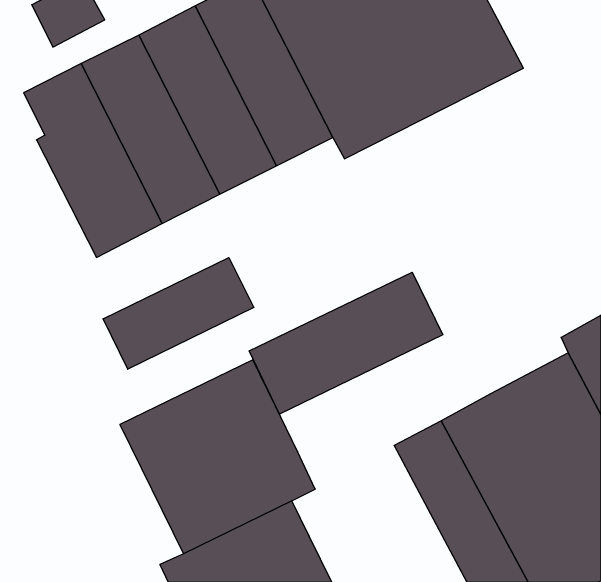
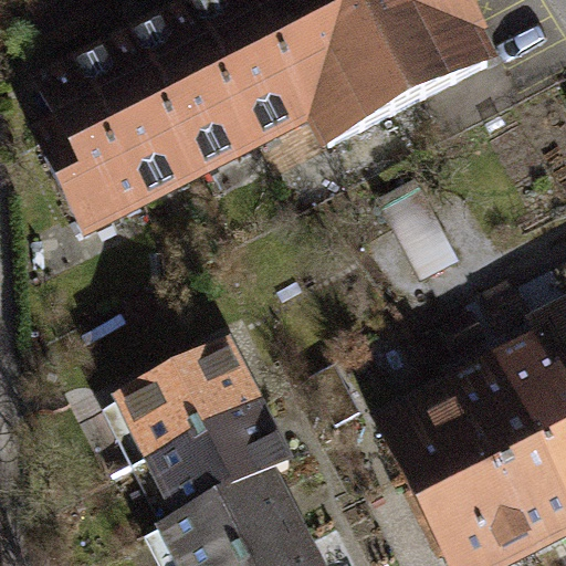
building: [103,258,254,369] -> none
building: [249,272,443,414] -> none

